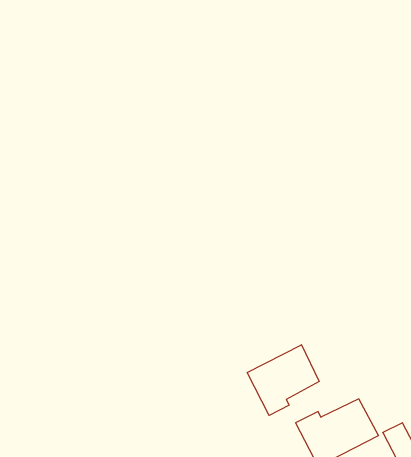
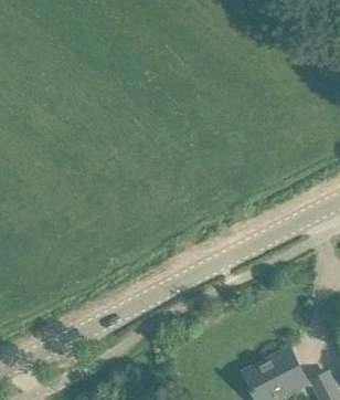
building: [247,345,319,415] -> none

